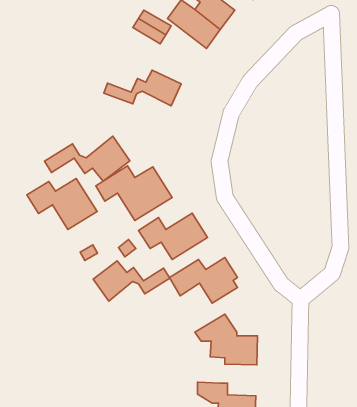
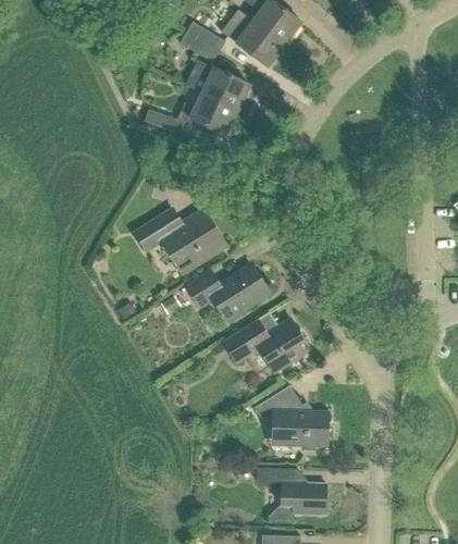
building: none -> [188,60,250,110]
building: [45,136,130,181] -> none
building: [27,178,97,230] -> none
building: [93,261,170,301] -> none

